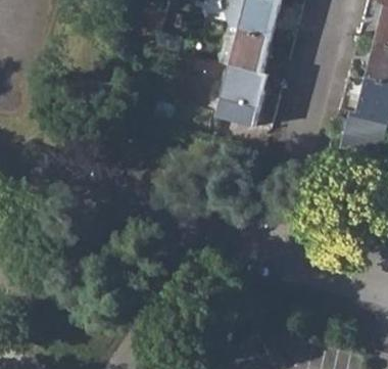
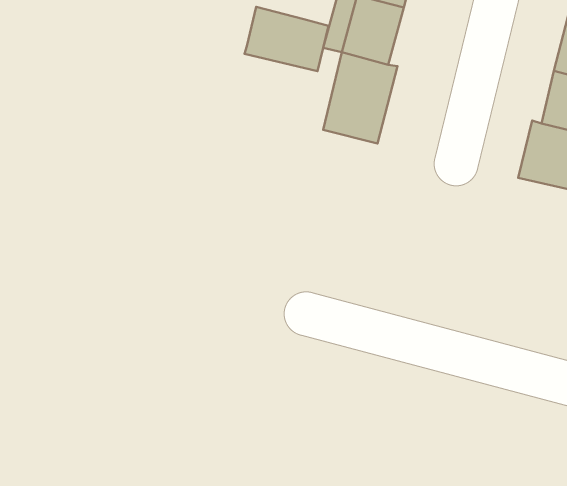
building: none -> [244,7,328,71]

